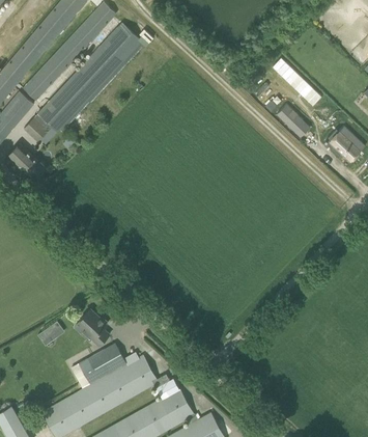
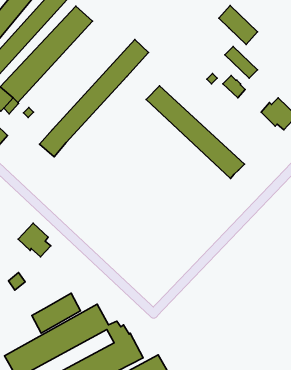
building: none -> [219,5,258,45]
building: none -> [40,40,148,157]
building: none -> [146,86,244,178]
building: [74,309,110,347] -> [18,223,51,257]

